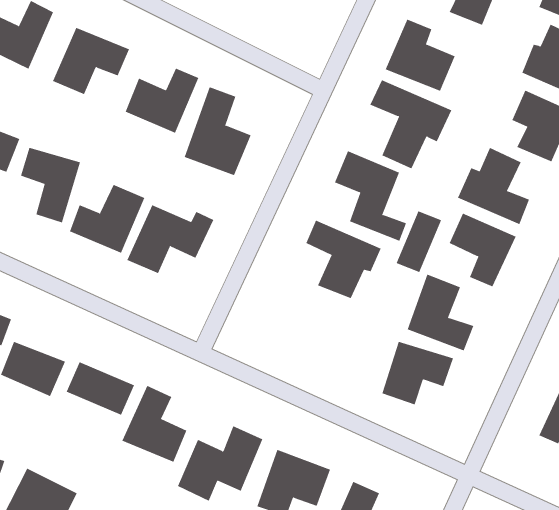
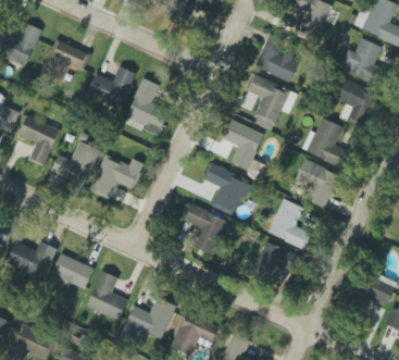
building: [396,211,442,273] -> none
building: none -> [184,203,227,253]

